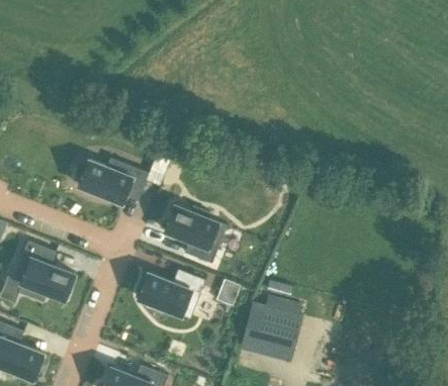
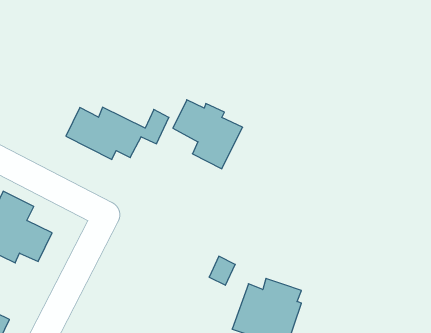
building: [164,204,226,263] -> [173,100,243,169]
building: [137,268,204,318] -> none

